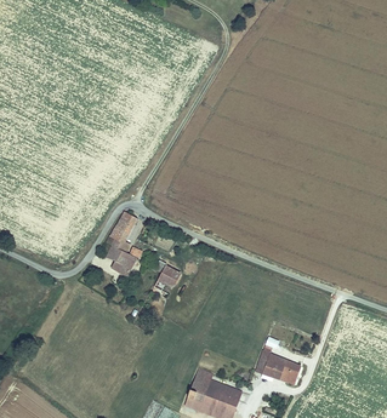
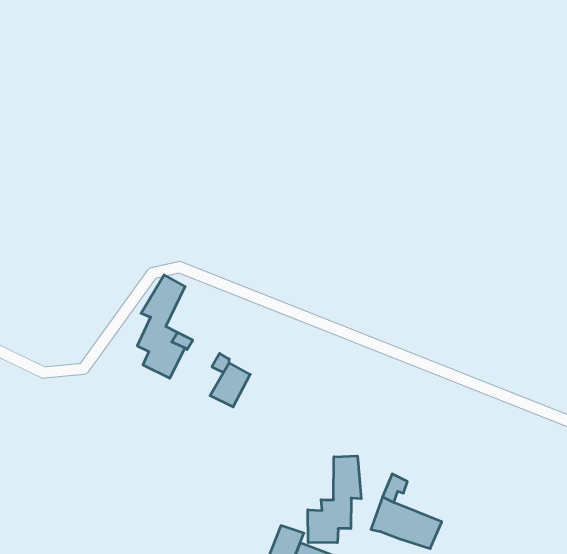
building: none -> [308,456,361,543]

